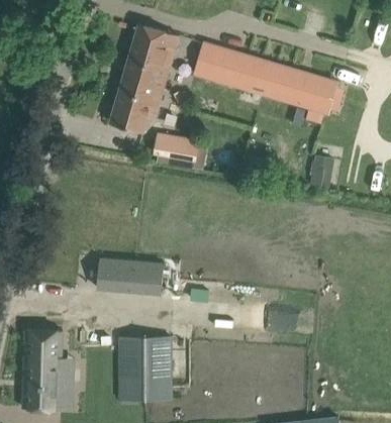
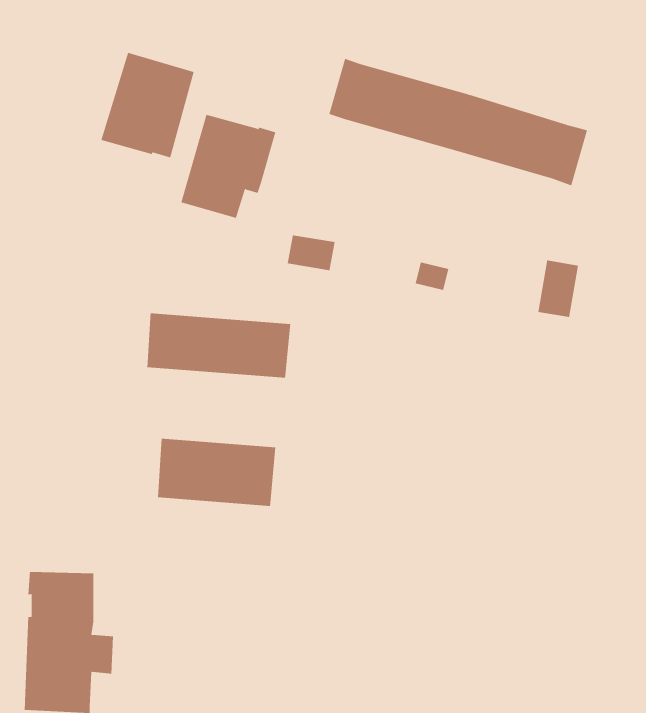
building: [124,24,177,84] -> [101,52,194,158]
building: none -> [147,313,291,378]
building: [119,337,173,400] -> none

